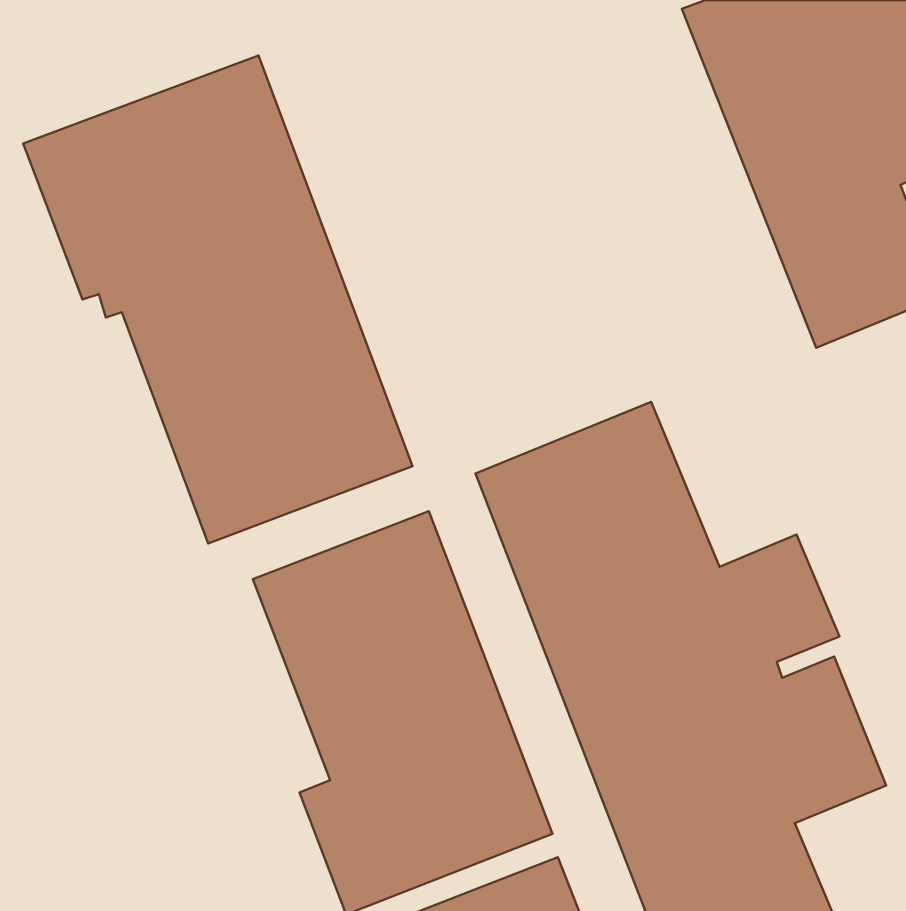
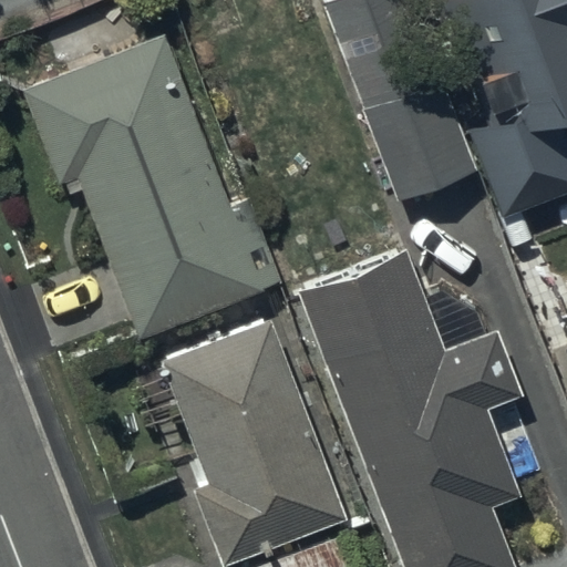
building: none -> [340,41,476,196]

